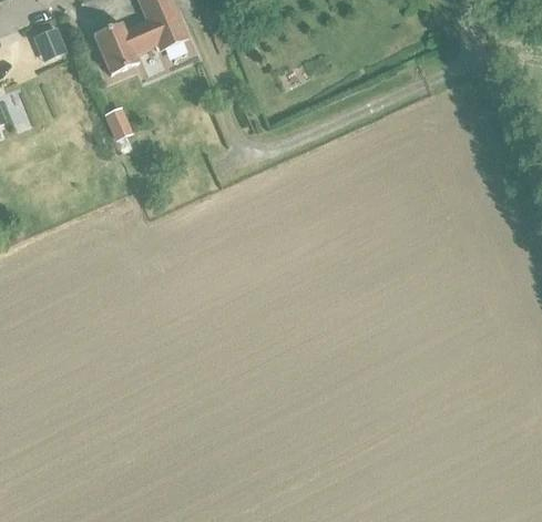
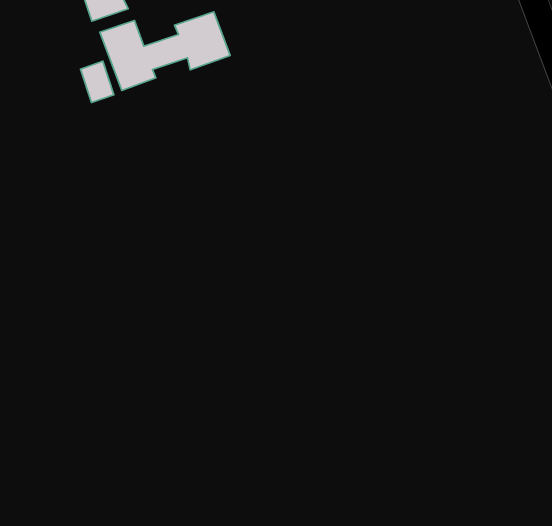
building: none -> [100,12,230,90]

